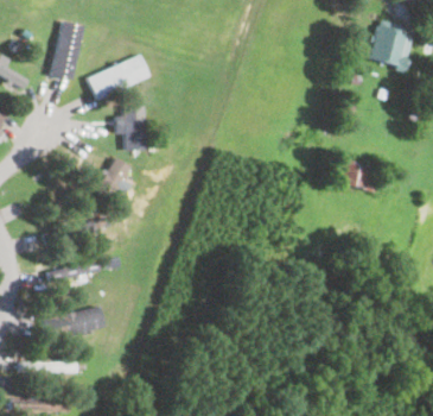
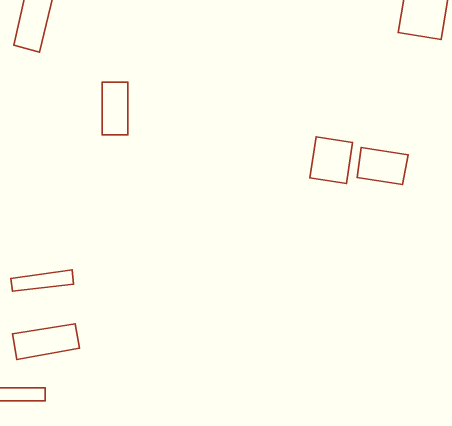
building: [87,52,149,99] -> none
building: none -> [310,137,353,183]
building: [96,158,130,198] -> none

